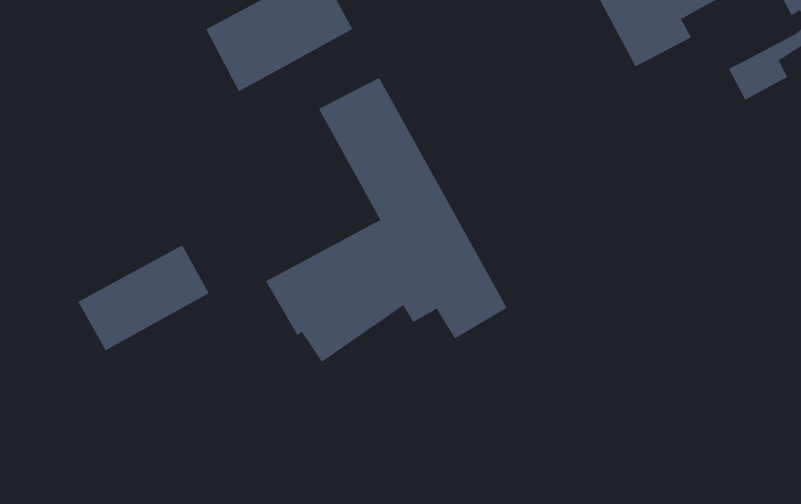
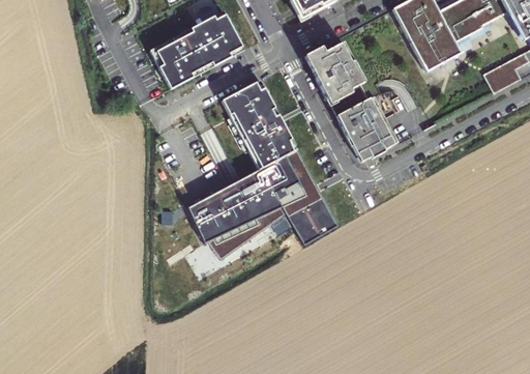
building: none -> [303,42,398,161]
building: [77,244,210,351] -> none

